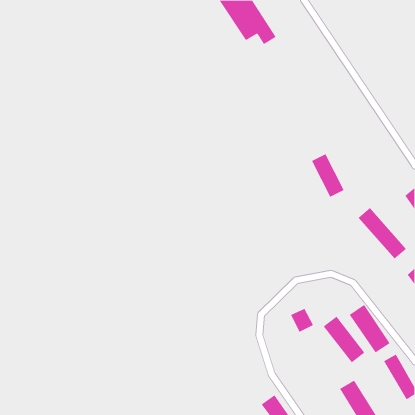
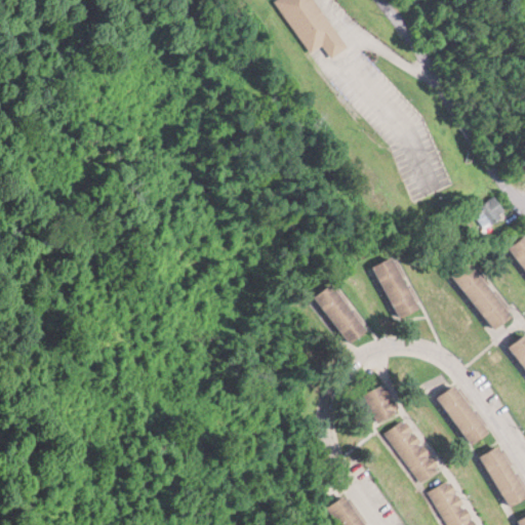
building: [311,153,344,198] -> [374,258,416,314]
building: none -> [472,197,507,229]
building: none -> [313,285,365,341]
building: [323,316,365,363] -> [382,421,436,481]

